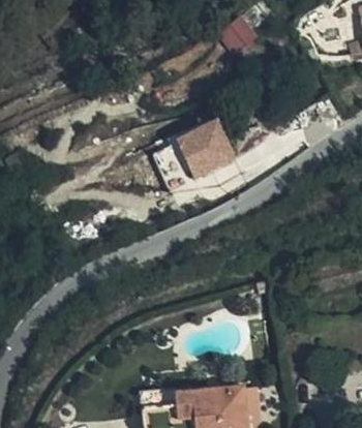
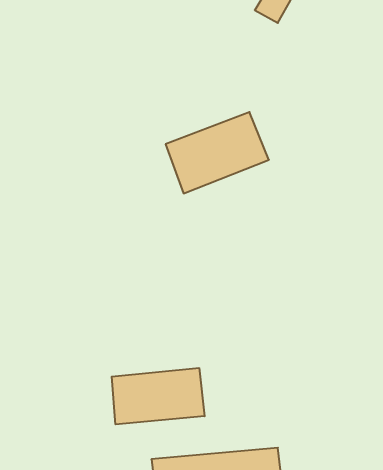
building: none -> [112,368,205,424]

